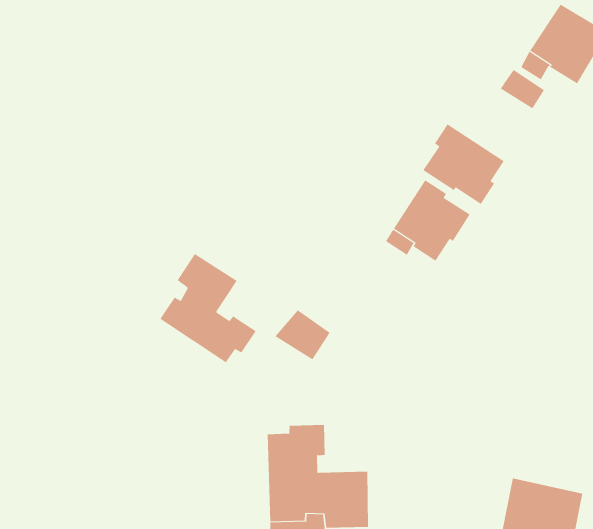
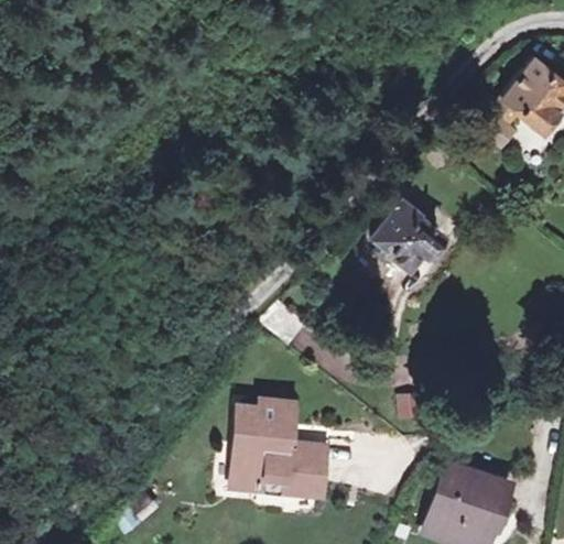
building: [423,124,504,205] -> none
building: [159,253,256,363] -> none

